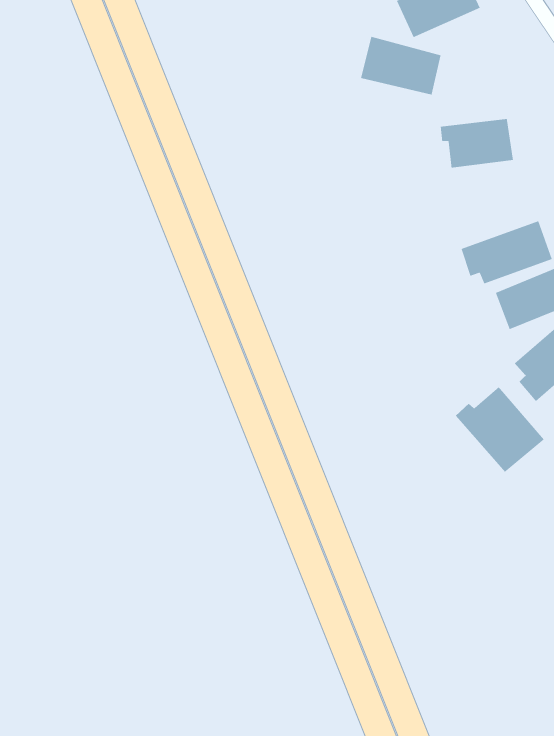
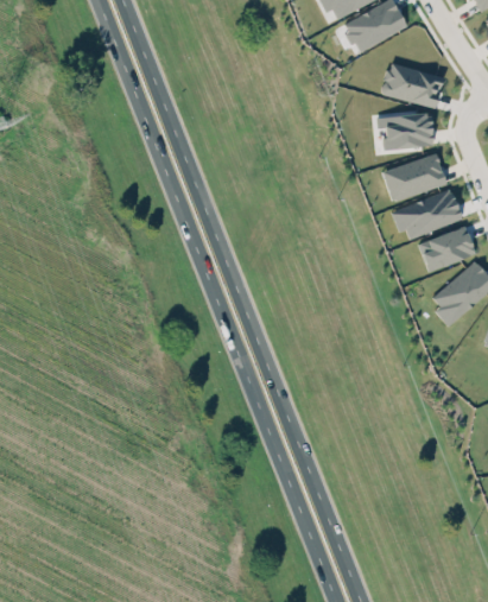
building: [360,36,442,96] -> [381,62,443,107]
building: none -> [382,153,446,201]
building: [455,386,545,473] -> none

